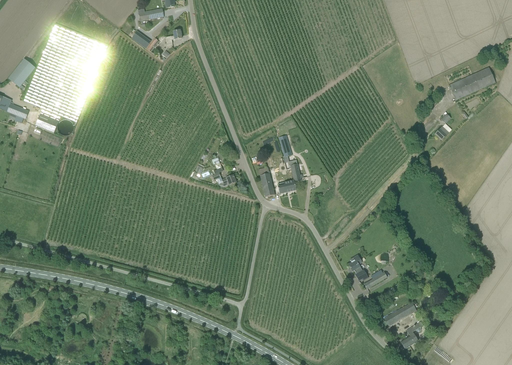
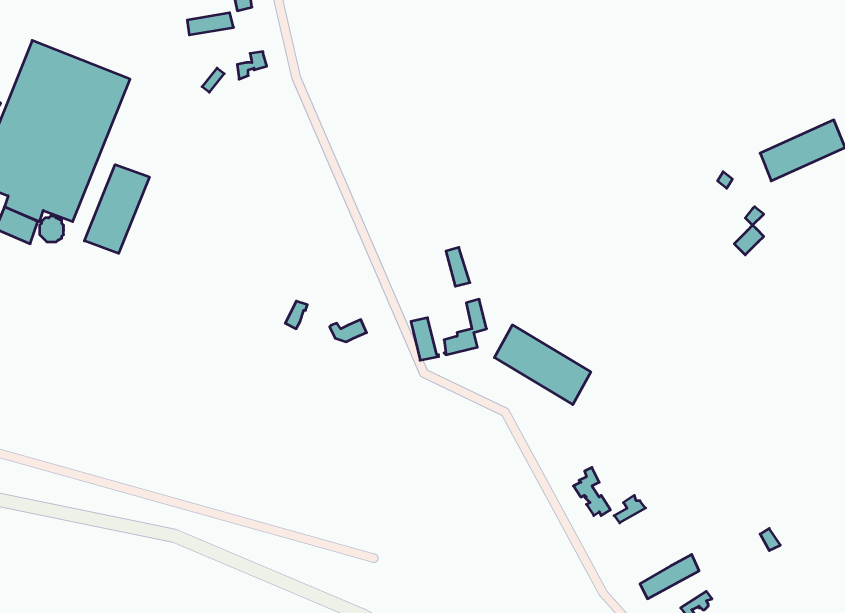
building: none -> [84,165,149,253]
building: none -> [494,325,591,405]

